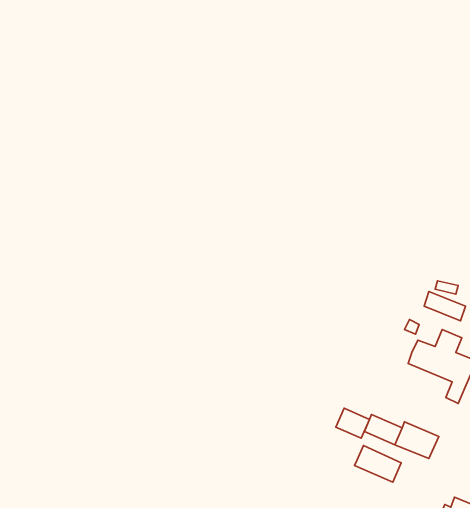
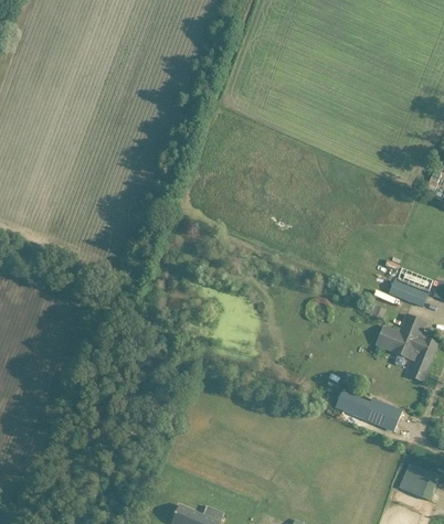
building: [336,408,370,438] -> none
building: [355,445,401,482] -> none

